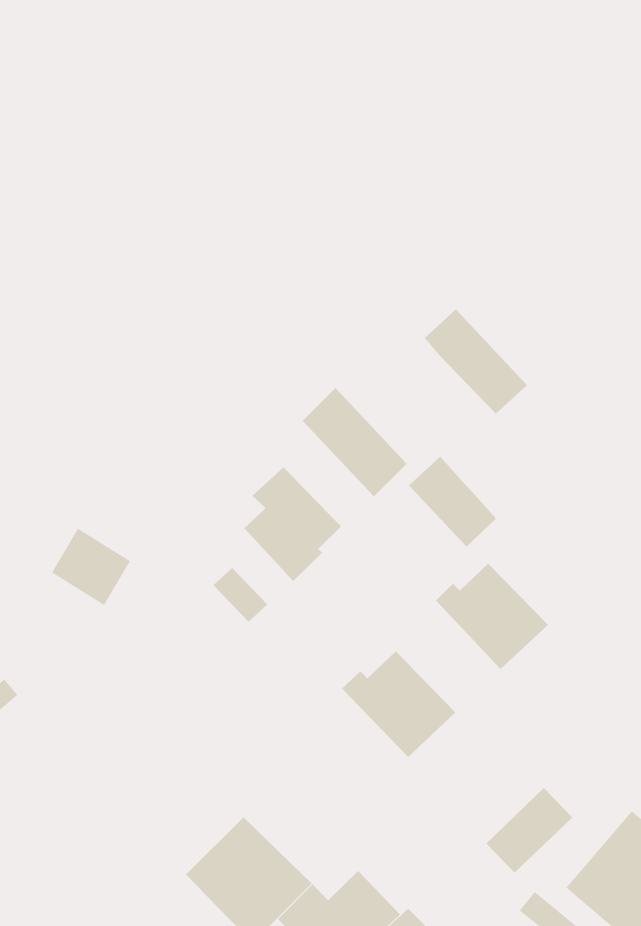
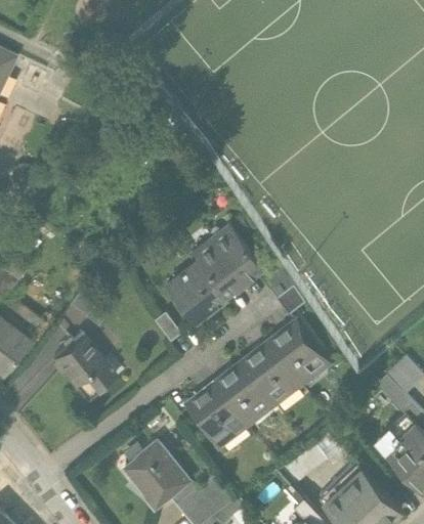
building: [424,309,528,414] -> [192,241,243,298]
building: none -> [245,342,298,401]
building: none -> [50,333,114,397]
building: none -> [190,382,245,442]

